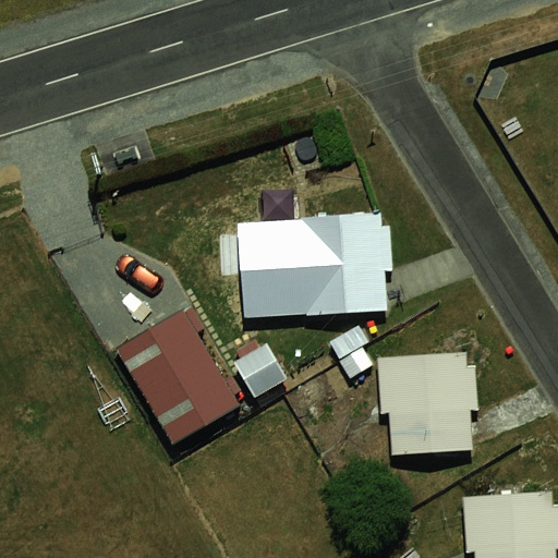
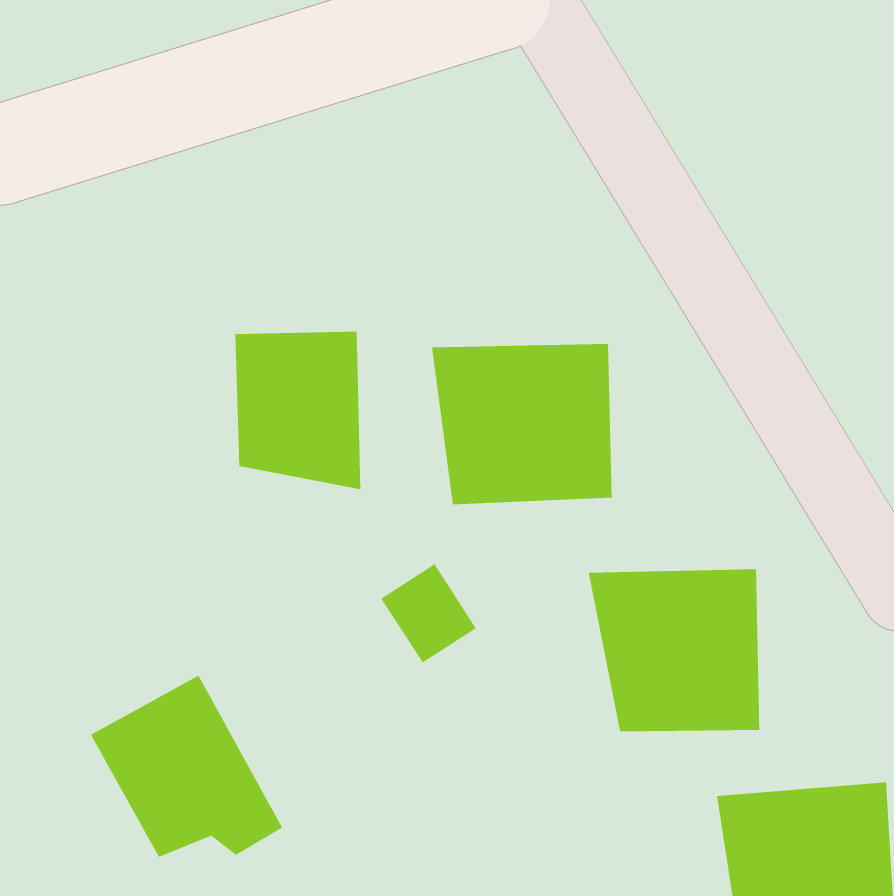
building: none -> [235,331,361,490]
building: [129,325,248,438] -> [90,675,283,858]

